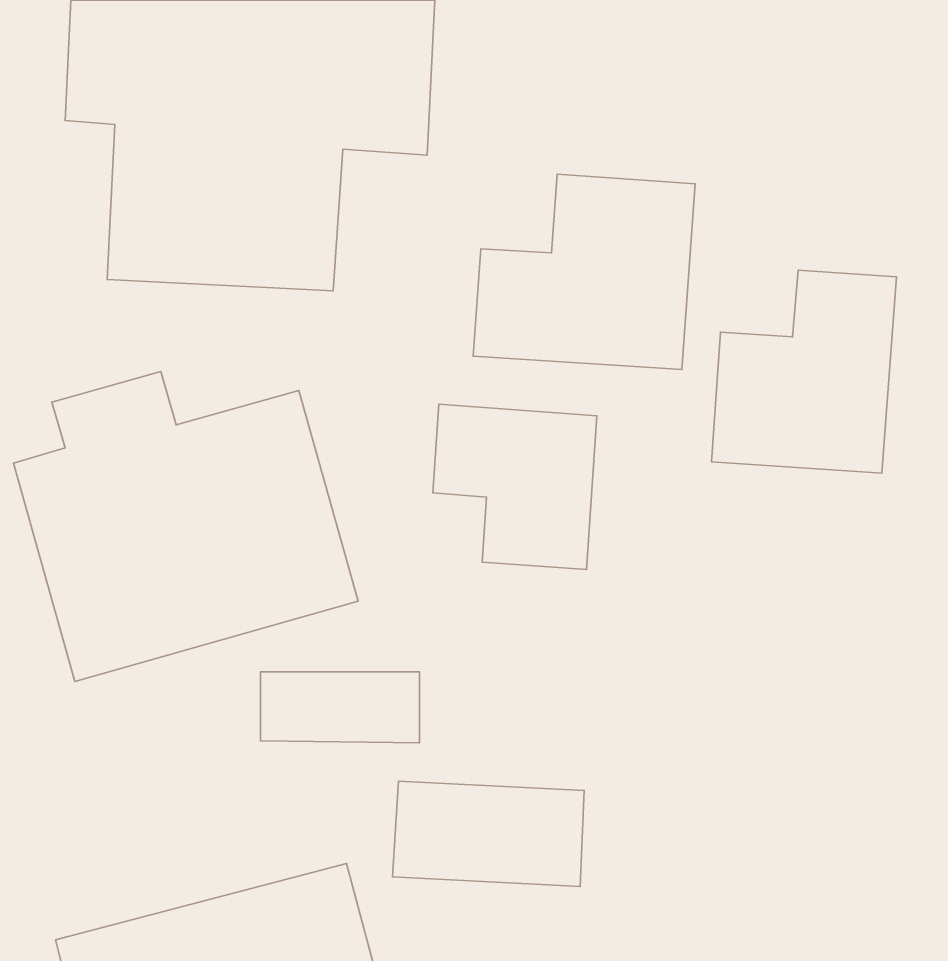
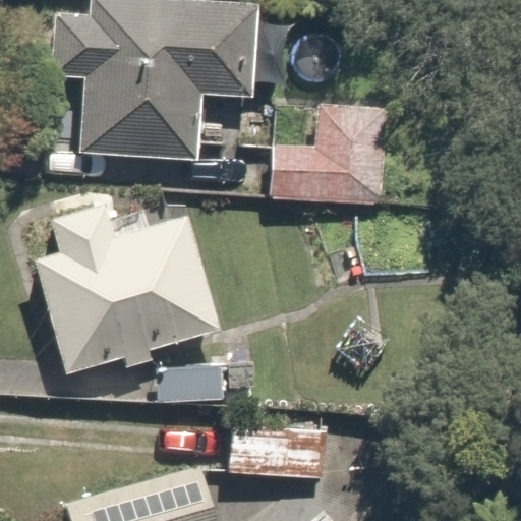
building: [711,270,897,473] -> none
building: [433,404,597,569] -> none

